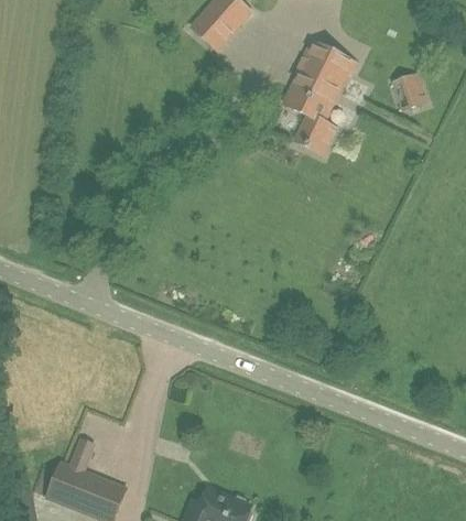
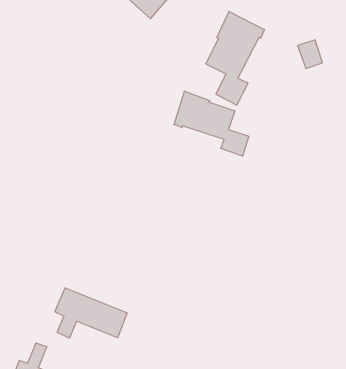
building: none -> [174,91,249,156]
building: none -> [55,288,127,338]

